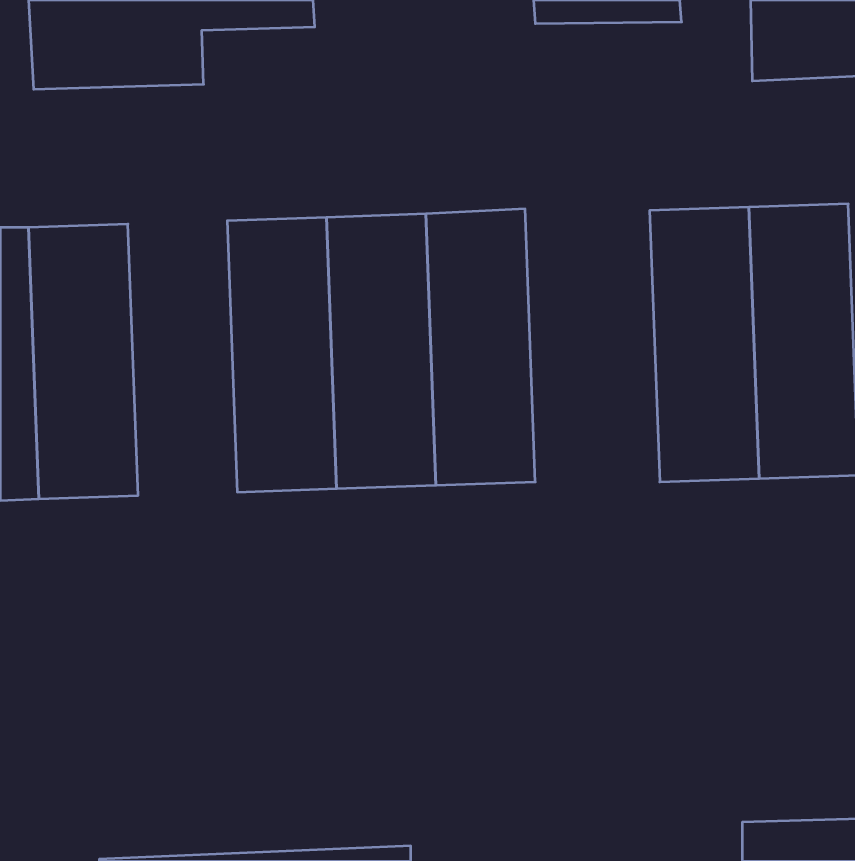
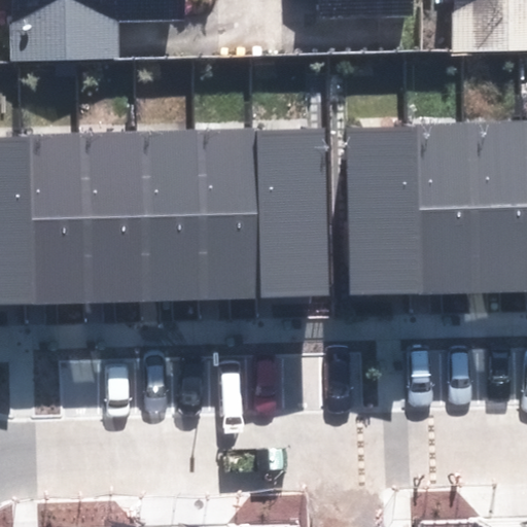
building: none -> [340,129,407,296]
building: none -> [81,135,148,303]

